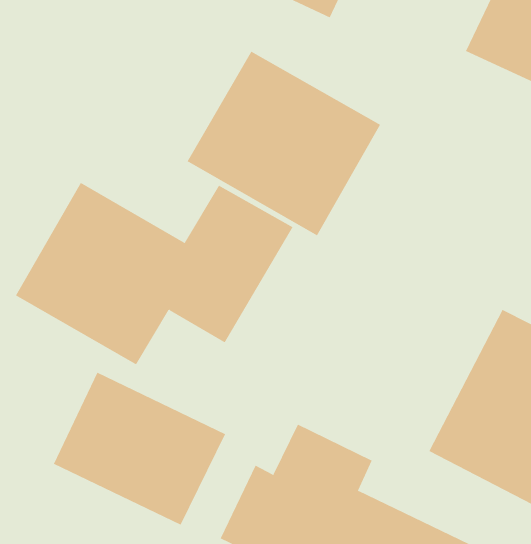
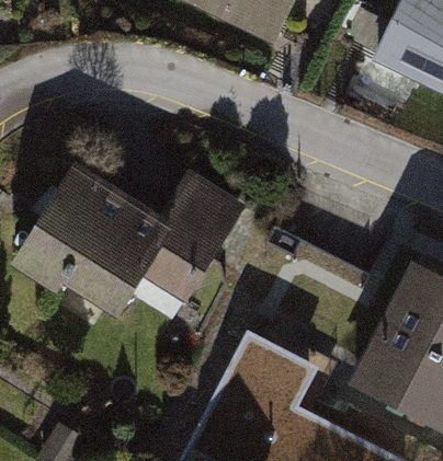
building: [187,51,381,236] -> none
building: [53,372,226,525] -> none

